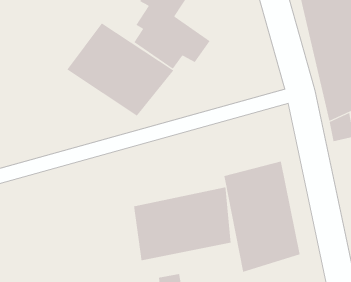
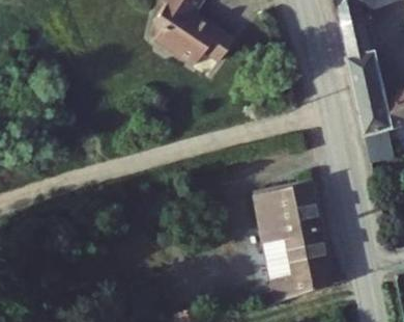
building: [67,22,174,117] -> none
building: [133,187,231,261] -> none

